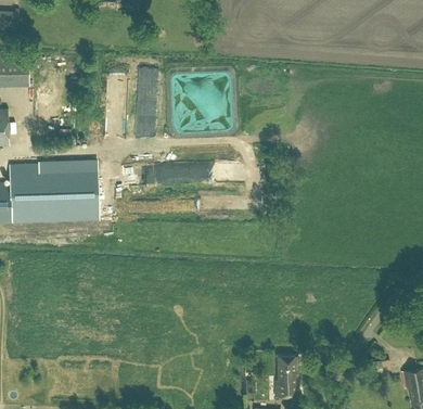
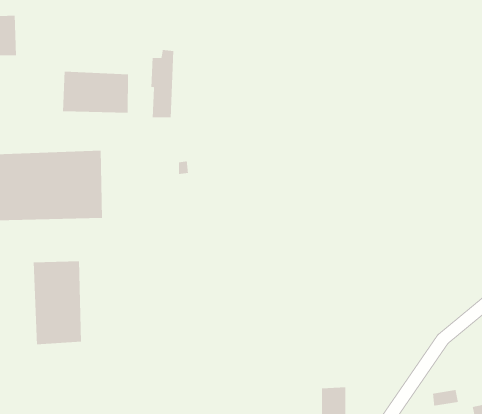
building: none -> [62,71,129,114]
building: none -> [33,261,82,345]

